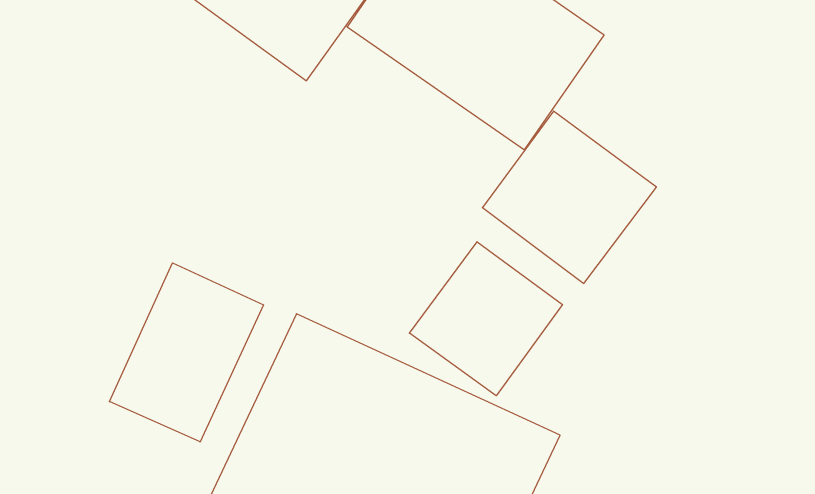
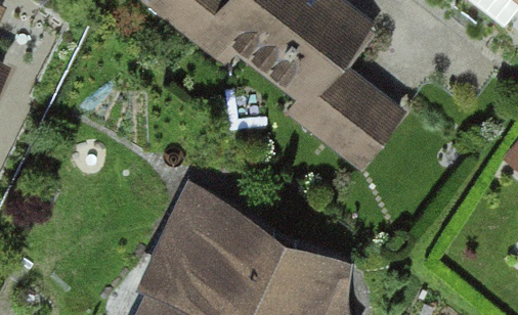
building: [409,242,562,396] -> none
building: [109,263,263,442] -> none

